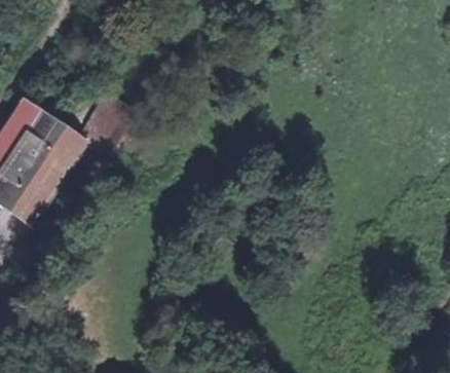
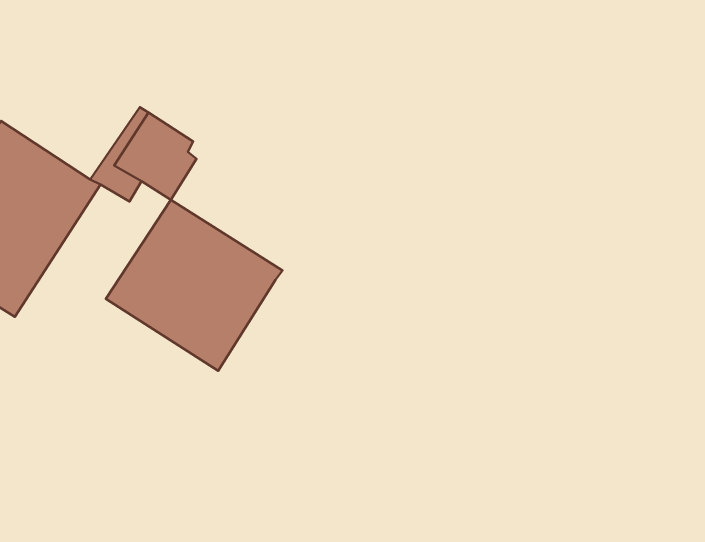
building: none -> [106,200,283,371]

